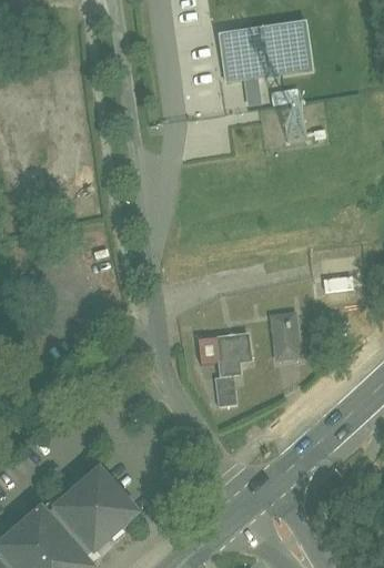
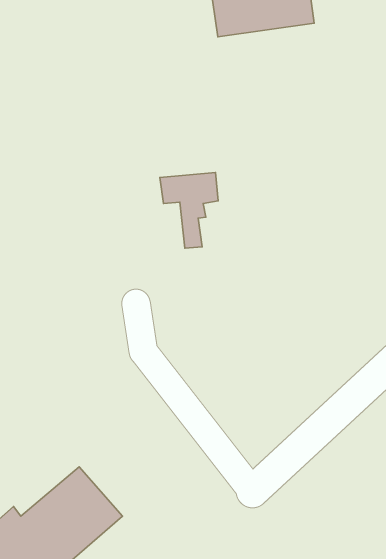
building: [270,311,296,355] -> none
building: [198,332,250,399] -> [160,172,218,248]

